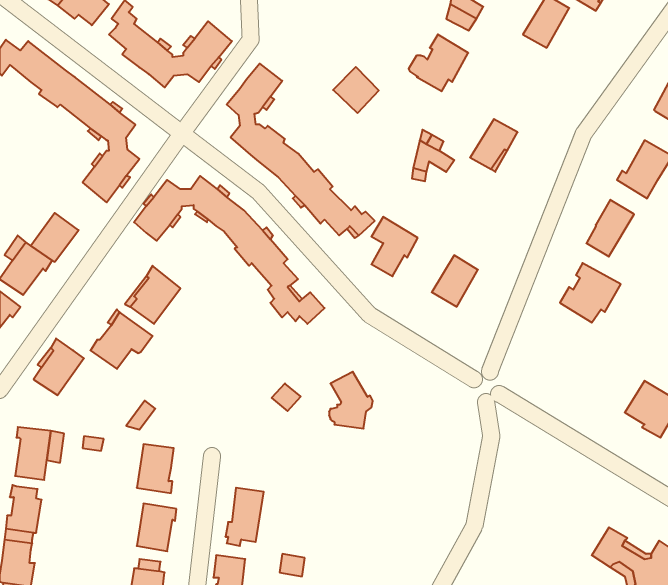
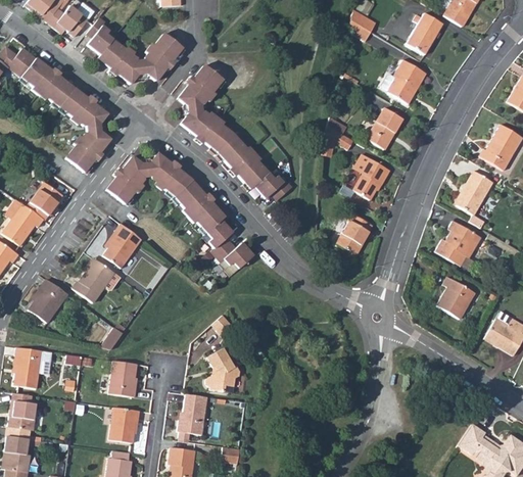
building: [409,34,468,91] -> [381,59,427,103]
building: [333,67,379,113] -> none
building: [371,217,418,276] -> [354,154,390,200]
building: none -> [437,277,476,319]
building: [329,372,373,429] -> [206,349,240,393]

